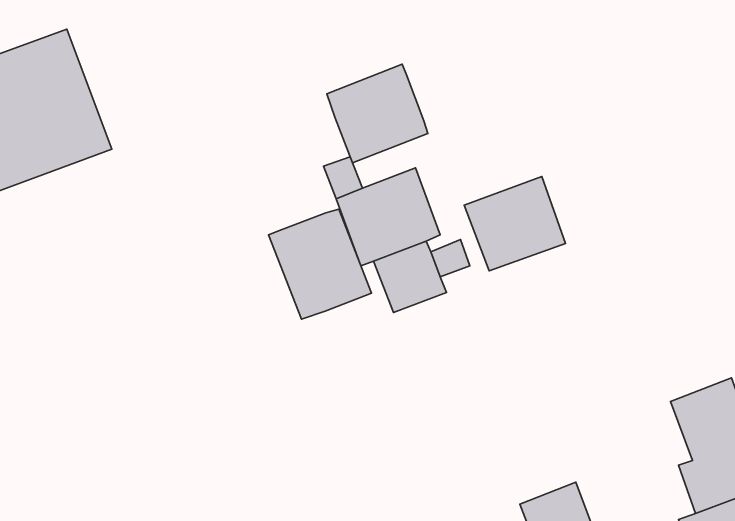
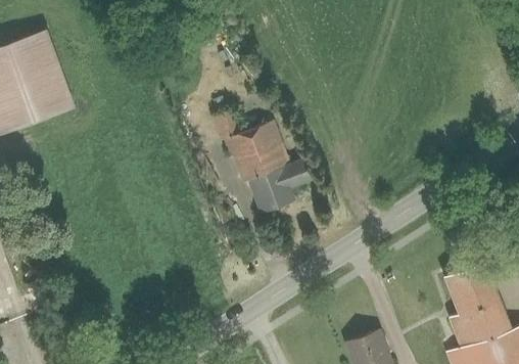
building: [327,64,428,163] -> none
building: [464,177,566,271] -> none
building: [269,209,372,319] -> none

